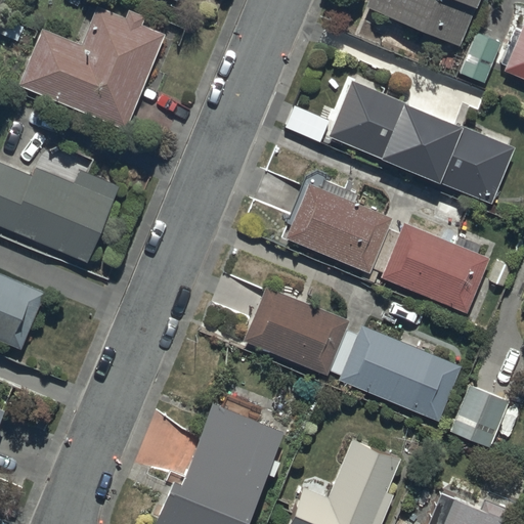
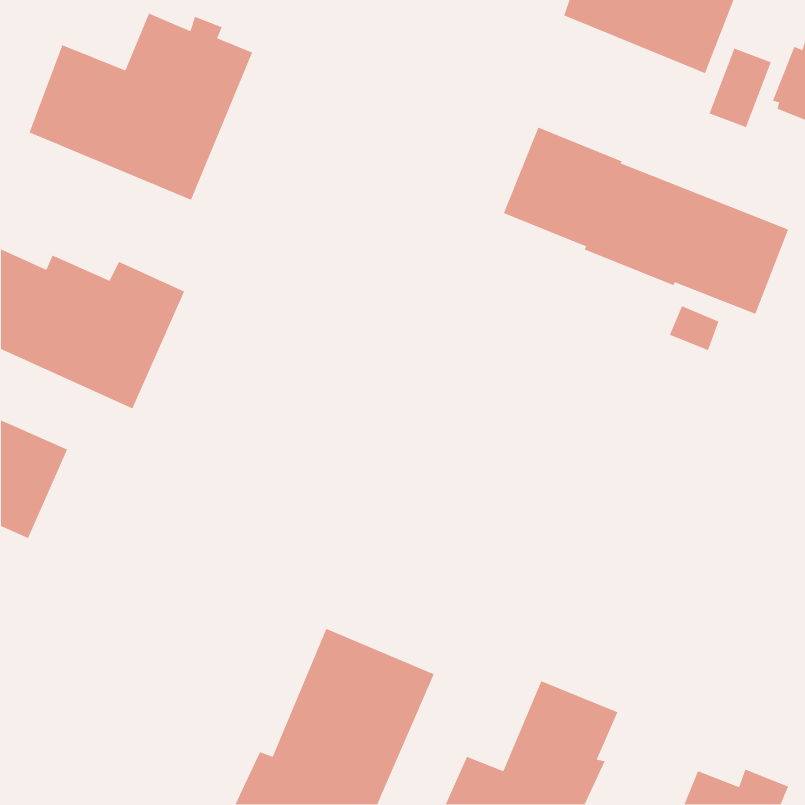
building: [286,183,490,314] -> none
building: [243,287,448,417] -> none
building: [451,385,510,447] -> none

